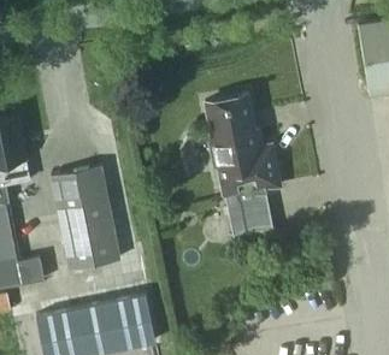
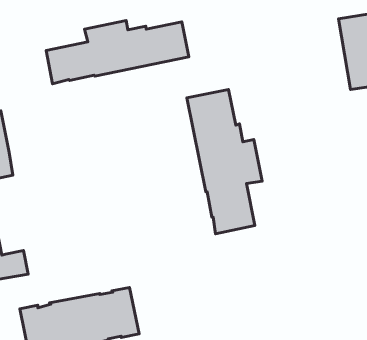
building: none -> [46,21,189,84]
building: [51,167,118,271] -> none

